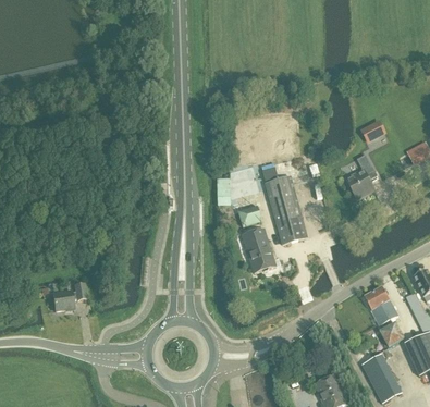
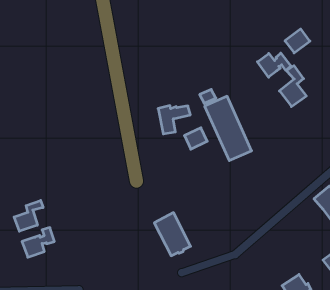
building: none -> [257,53,291,77]
building: [242,227,275,272] -> [154,213,191,256]
building: none -> [14,200,43,231]

